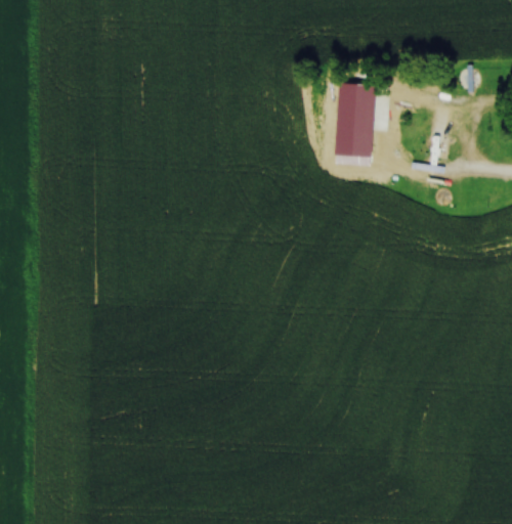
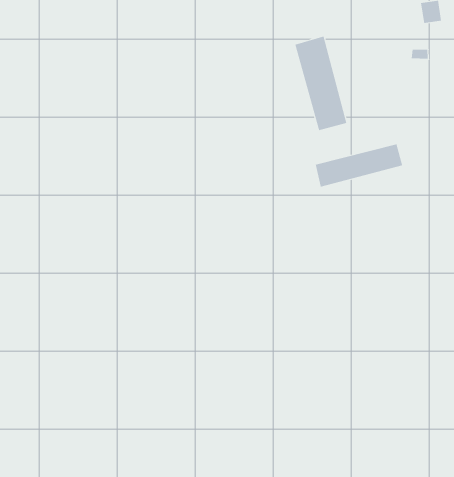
building: none -> [315,144,403,188]

